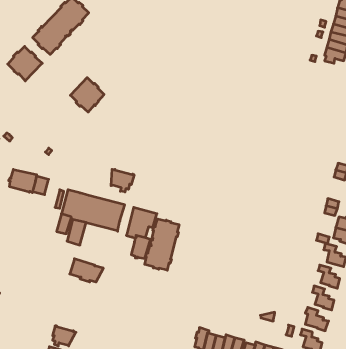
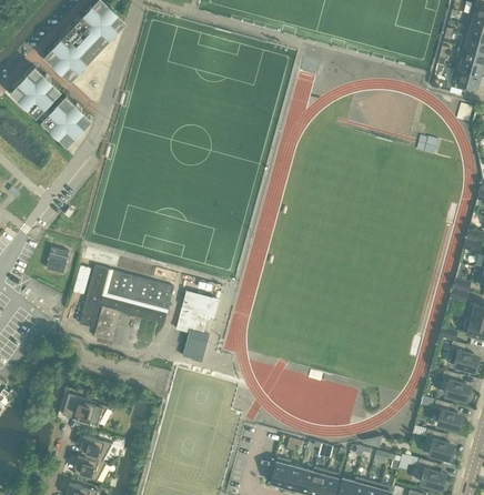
building: [70,78,104,112] -> [42,97,89,144]
building: [111,169,134,192] -> none
building: [9,169,37,193] -> none
building: [145,219,179,270] -> none
building: [70,259,103,282] -> [61,394,108,426]
building: none -> [79,436,111,463]

